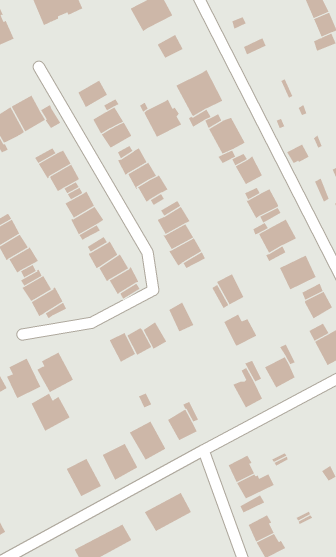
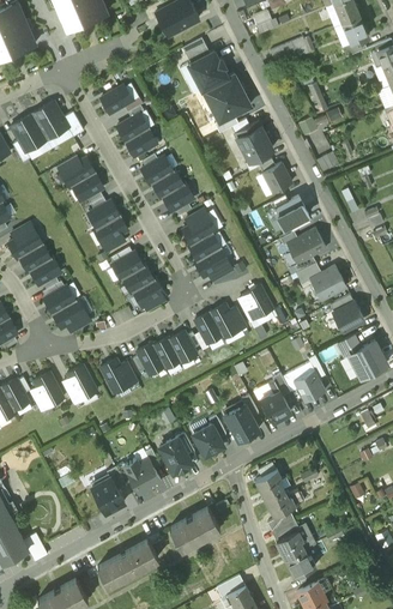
building: [144,99,182,137] -> [188,52,228,91]
building: [223,314,257,346] -> [208,304,243,338]
building: none -> [218,402,258,444]
building: [31,393,70,431] -> [96,357,137,397]

